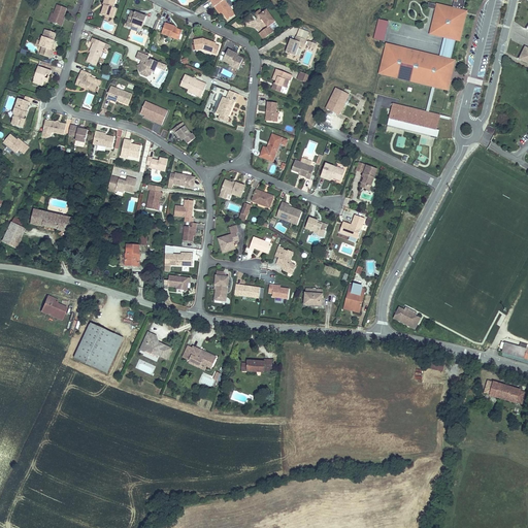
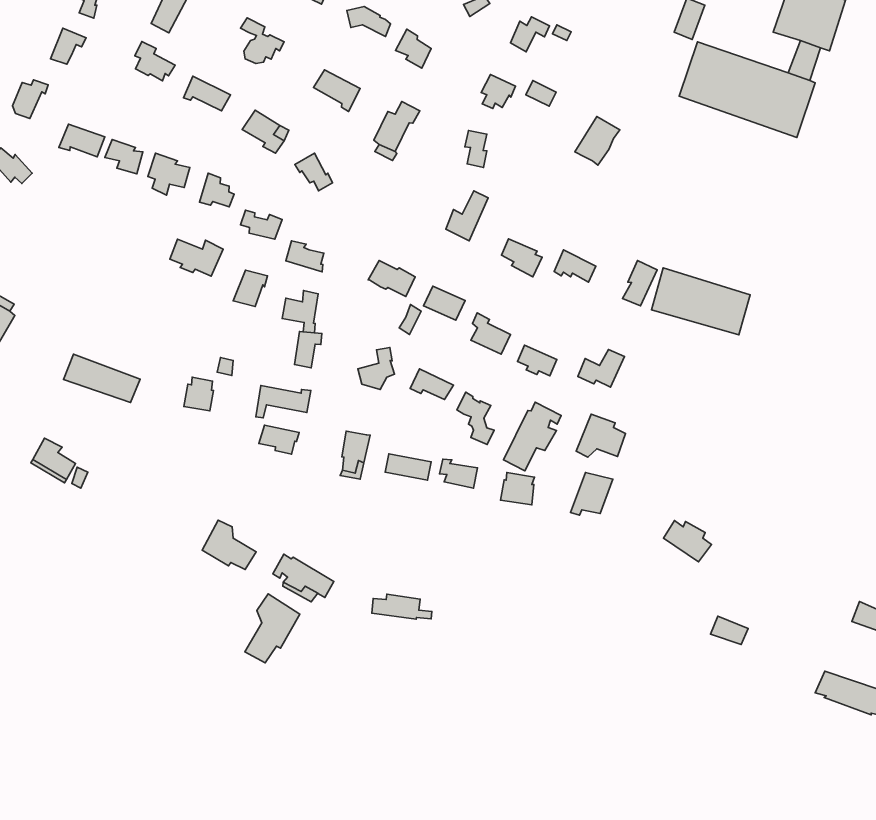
building: [389,101,442,134] -> [652,268,750,335]
building: [31,208,73,232] -> [63,354,140,403]
building: none -> [504,402,561,471]
building: none -> [576,414,625,457]
building: [74,320,124,371] -> none
building: none -> [245,594,300,663]

